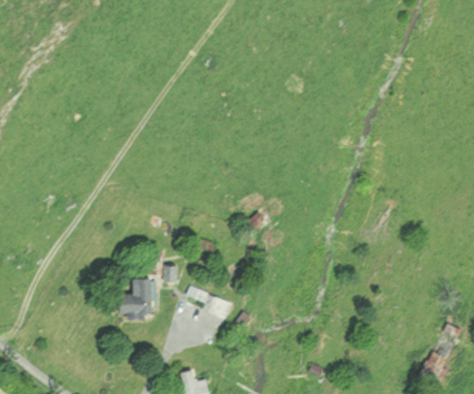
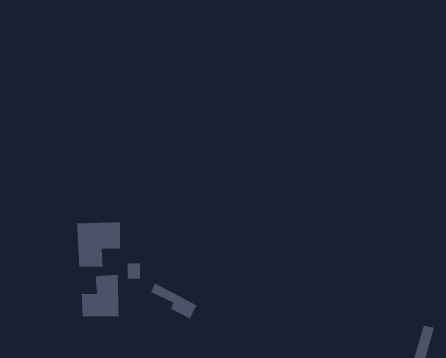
building: none -> [76,221,121,268]

